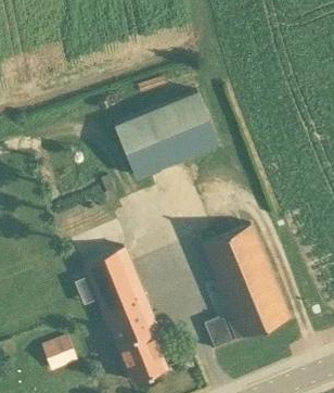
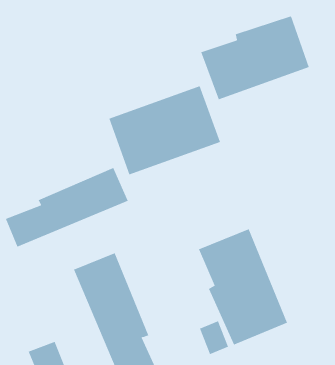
building: none -> [201,15,309,100]
building: none -> [5,167,128,247]

